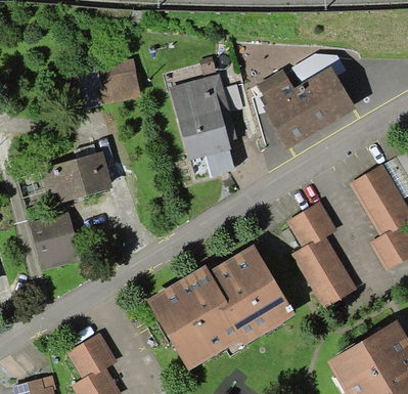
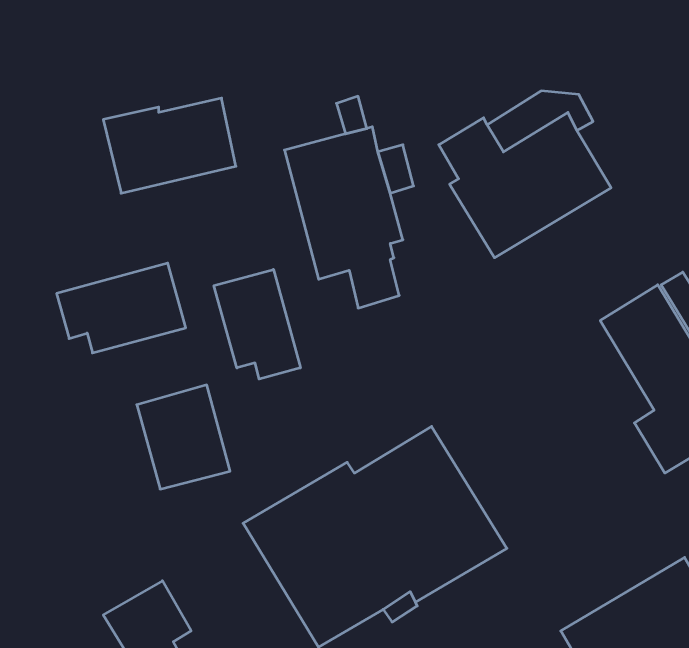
building: none -> [214,269,300,379]
building: [285,202,356,308] -> none
building: [28,211,81,270] -> [137,385,230,489]

